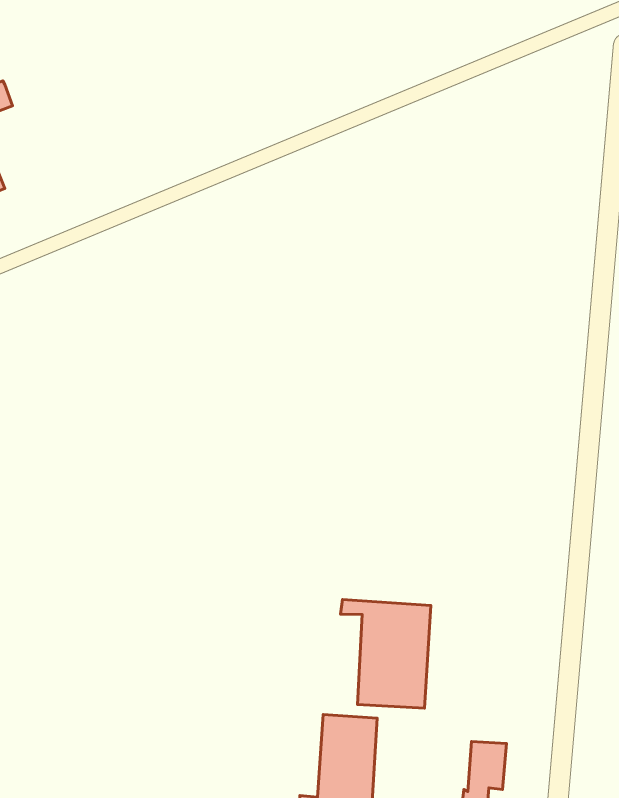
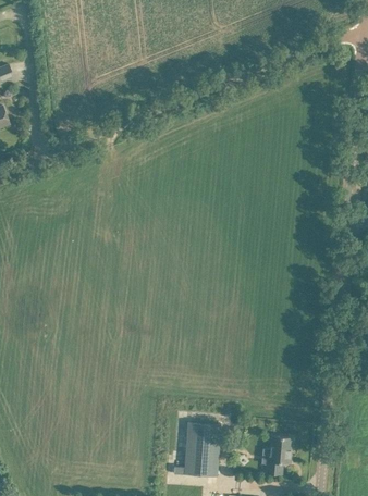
building: [340,599,431,708] -> none

